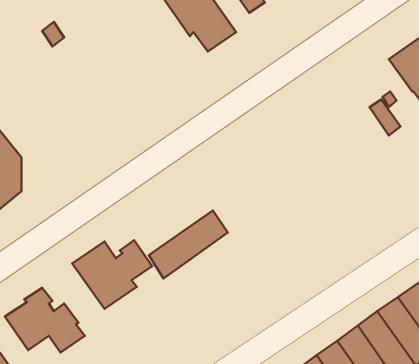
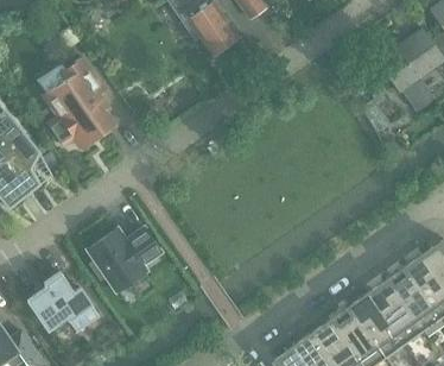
building: none -> [44,57,114,147]
building: [149,210,228,279] -> none

